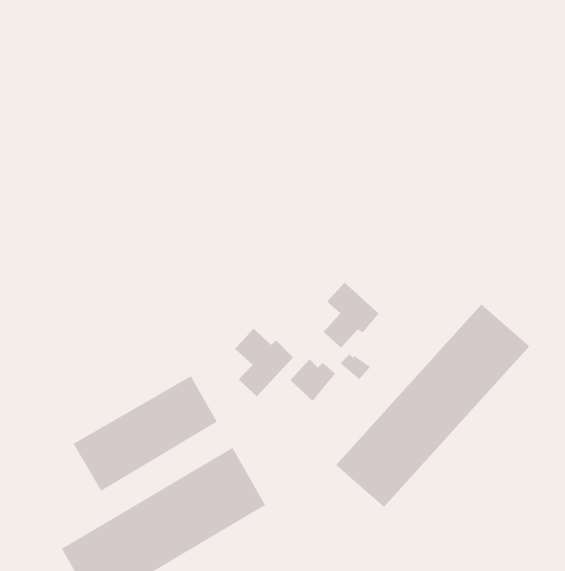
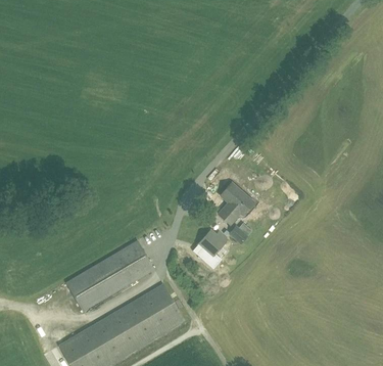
building: [335,304,530,508] -> none
building: [234,328,294,397] -> none

